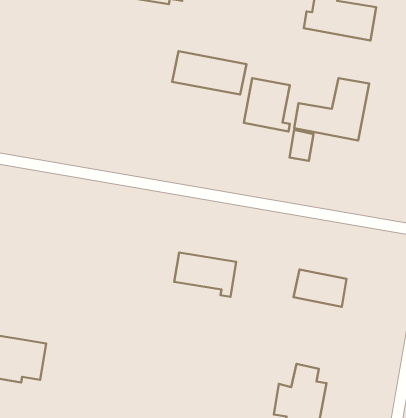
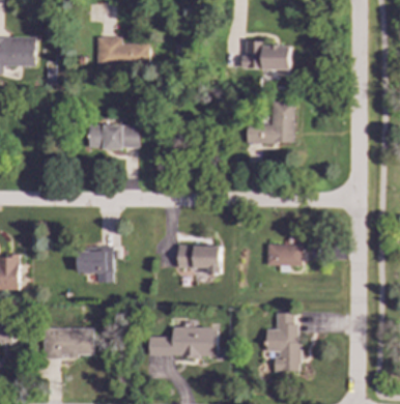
building: [172,51,247,95] -> [88,124,140,148]
building: [244,78,290,131] -> none
building: none -> [77,246,114,283]
building: none -> [149,326,219,356]

